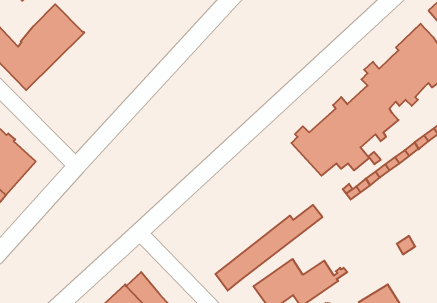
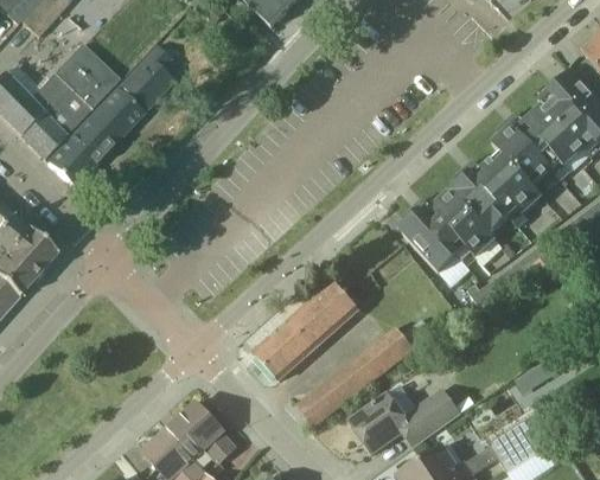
building: none -> [47,44,175,186]
building: none -> [257,280,358,379]

